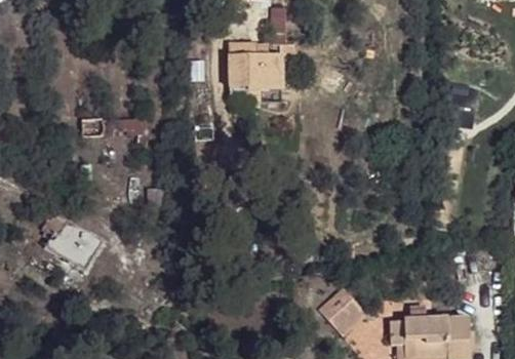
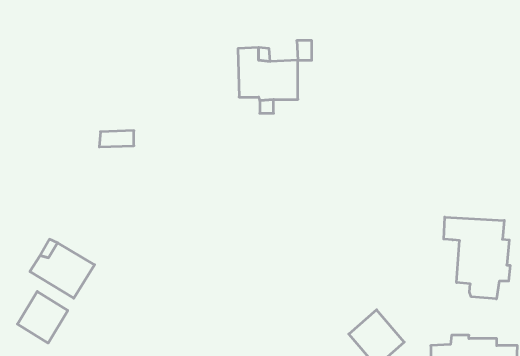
building: none -> [444,217,510,299]
building: none -> [17,291,68,343]

